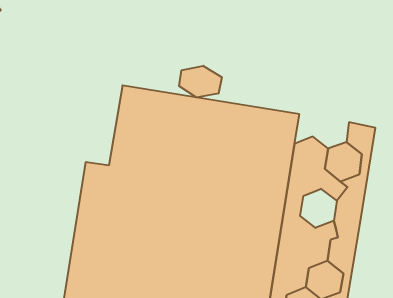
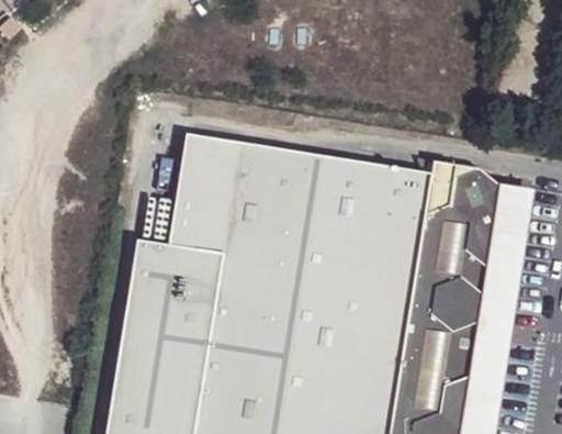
building: [179,66,222,97] -> none
building: none -> [423,162,497,221]
building: none -> [430,276,481,330]

